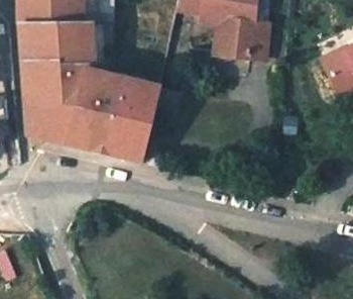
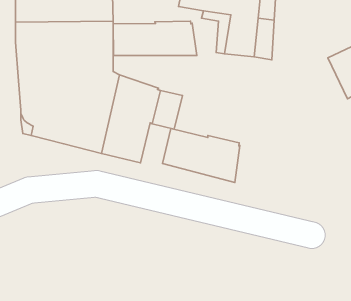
building: none -> [113,21,197,56]
building: none -> [162,128,240,182]

